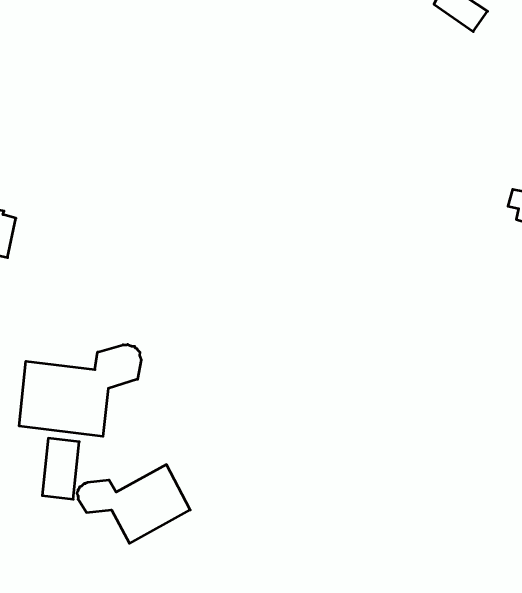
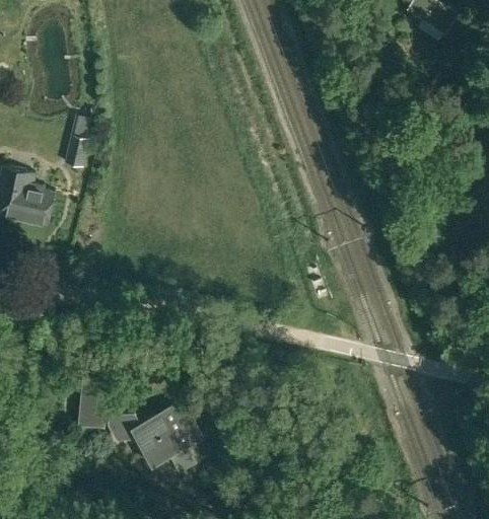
building: none -> [63,136,88,169]
building: [19,344,141,436] -> none

